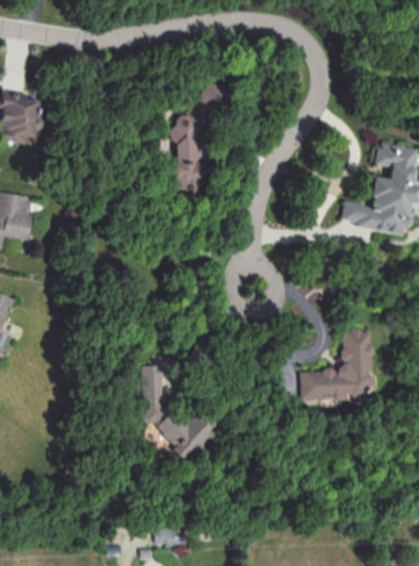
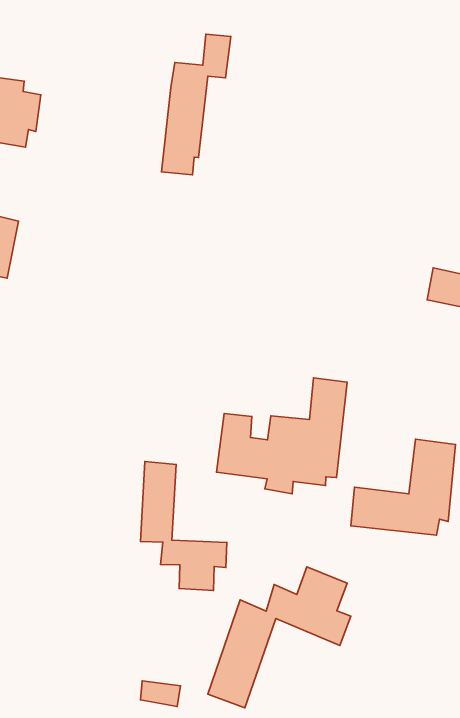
building: [175,87,217,192] -> [161,34,231,175]
building: none -> [216,378,347,494]
building: none -> [208,567,351,708]

